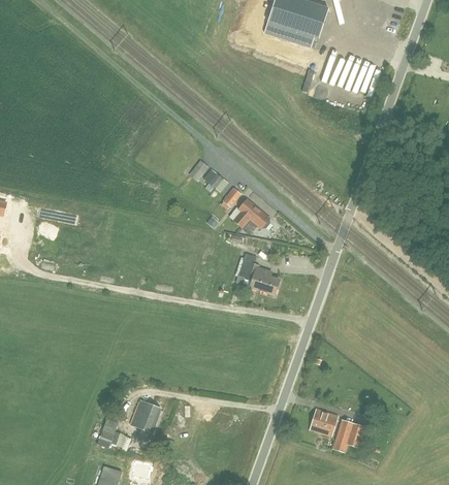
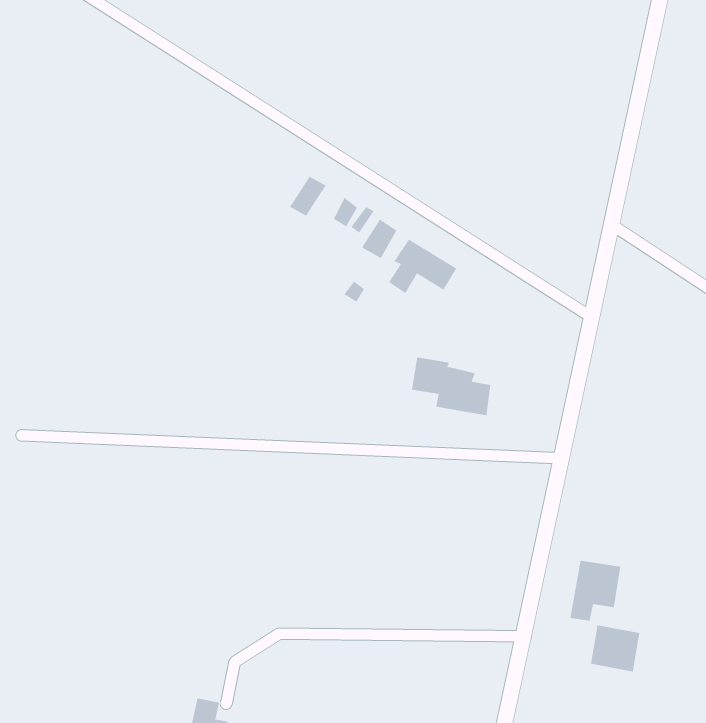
building: [130,399,161,431] -> none
building: [333,420,363,452] -> [570,560,621,621]

